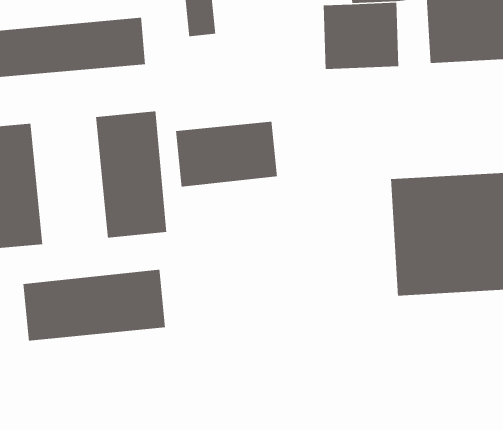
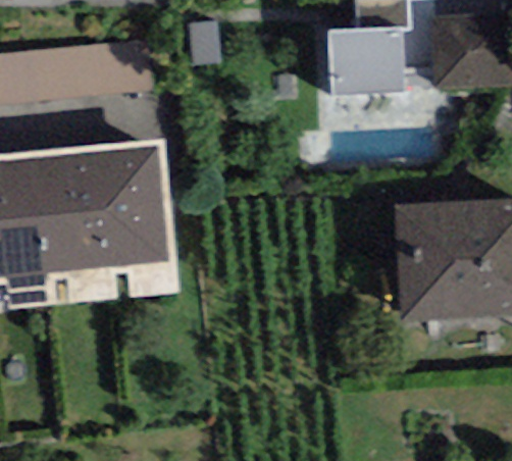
building: none -> [34,144,110,272]
building: [175,121,278,188] -> none
building: [22,269,166,342] -> none

